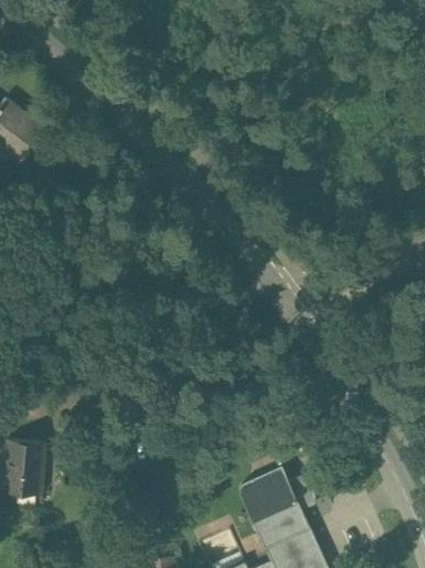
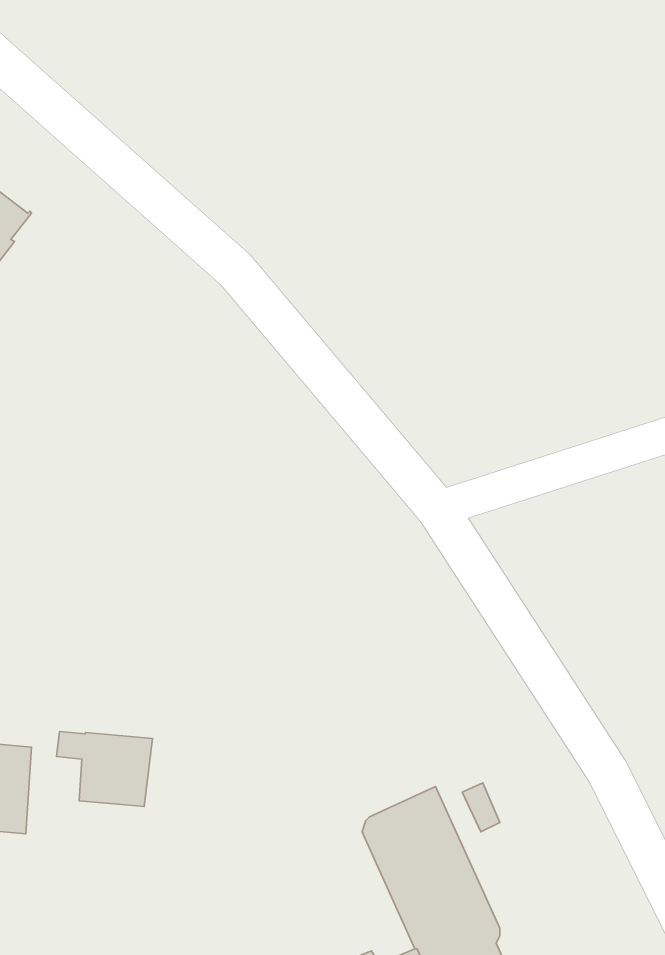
building: none -> [56,731,152,807]

